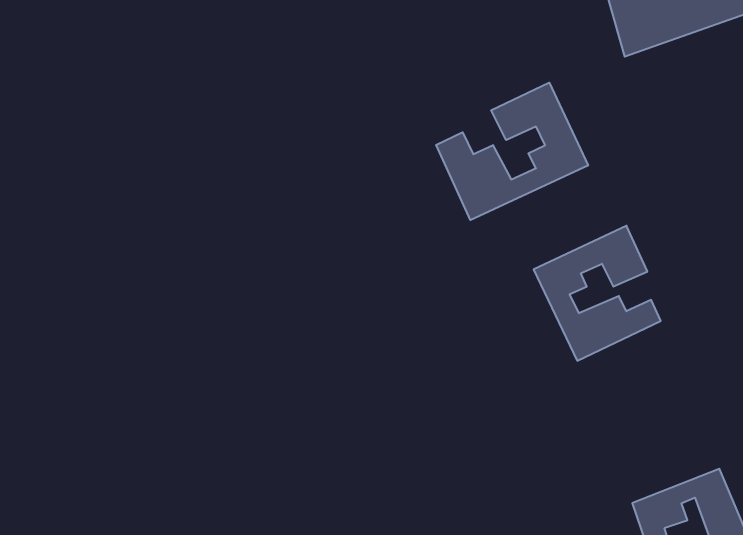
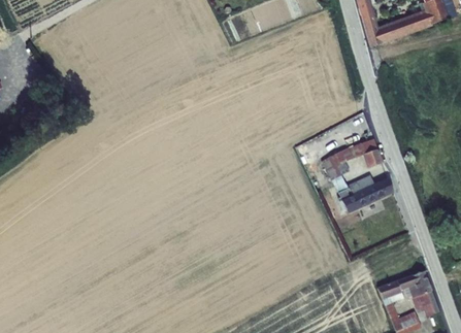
building: [436,83,588,220] -> none

